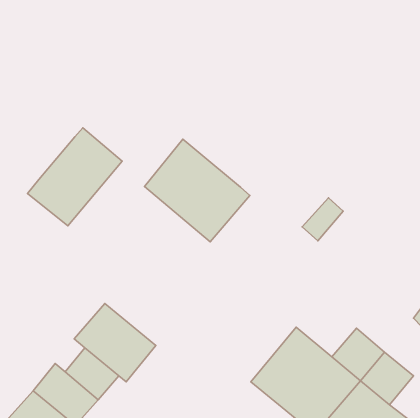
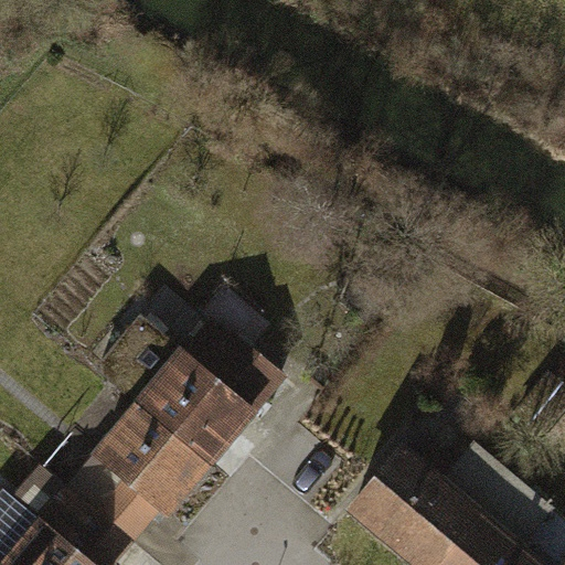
building: [28,128,122,226] -> none
building: [145,139,250,242] -> none
building: none -> [100,323,284,467]

